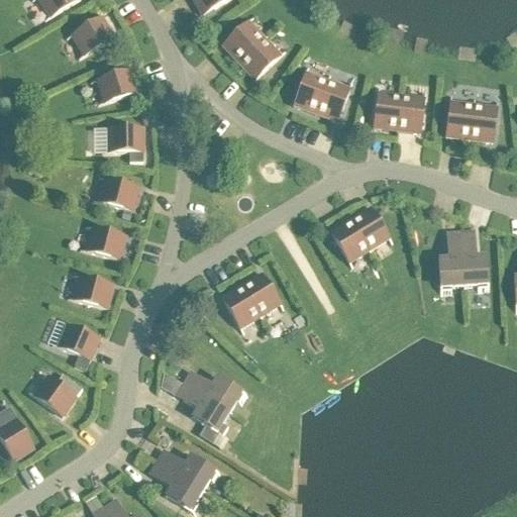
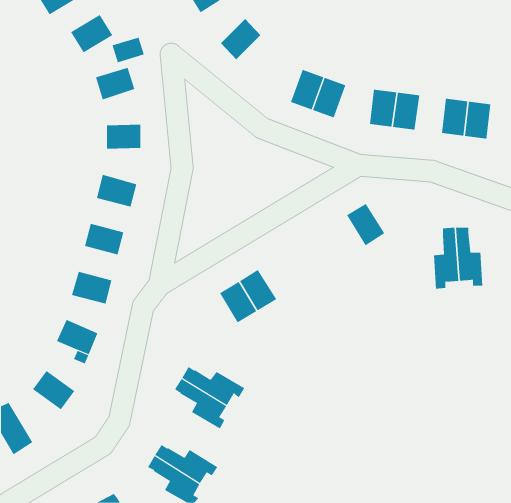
building: [238,35,280,78] -> none
building: none -> [112,37,144,63]
building: [329,217,369,261] -> none

